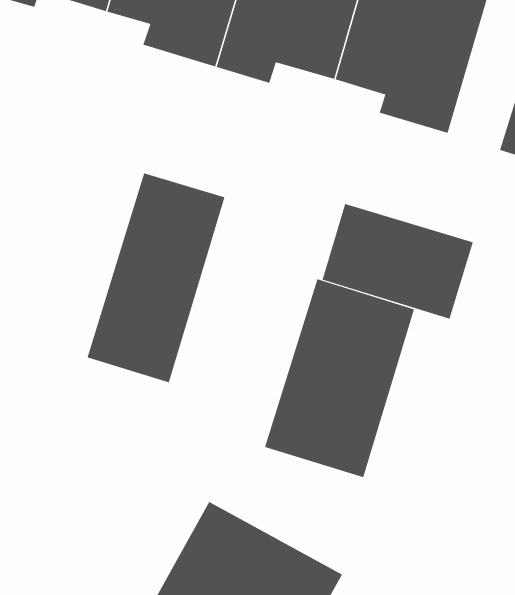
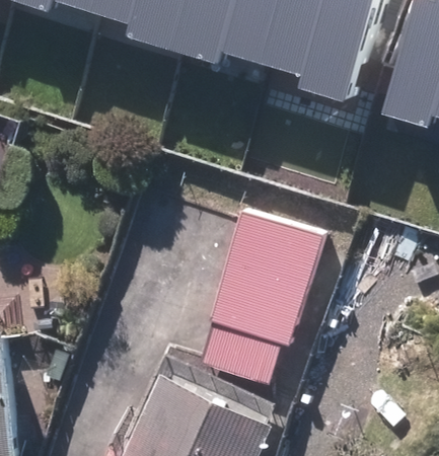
building: [87,172,225,383] -> none
building: [322,203,473,320] -> none

